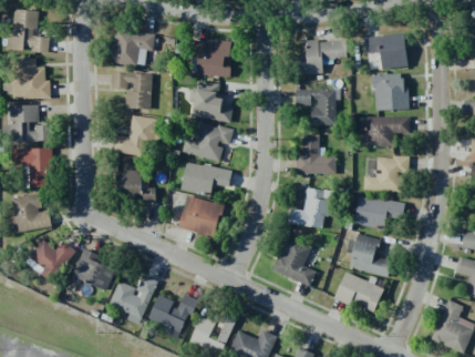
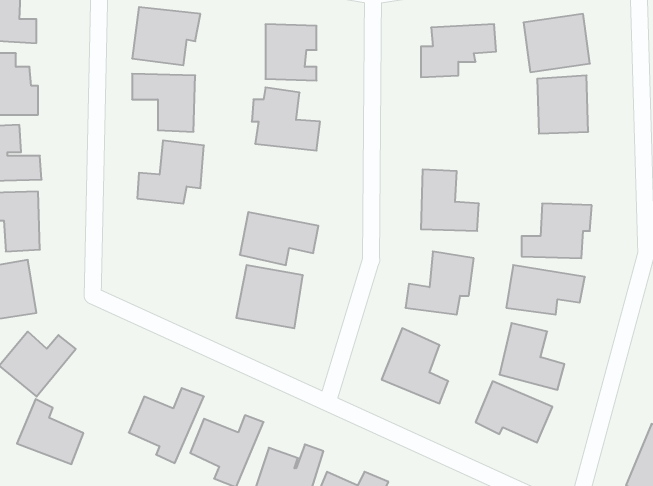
building: [295,88,340,124] -> none
building: [365,115,409,146] -> none
building: [182,121,234,161] -> none
building: [116,170,155,200] -> none
building: [71,247,114,289] -> [17,399,83,464]

